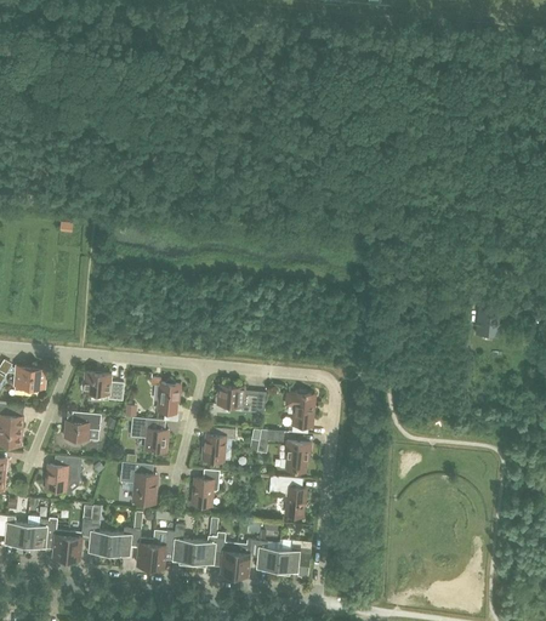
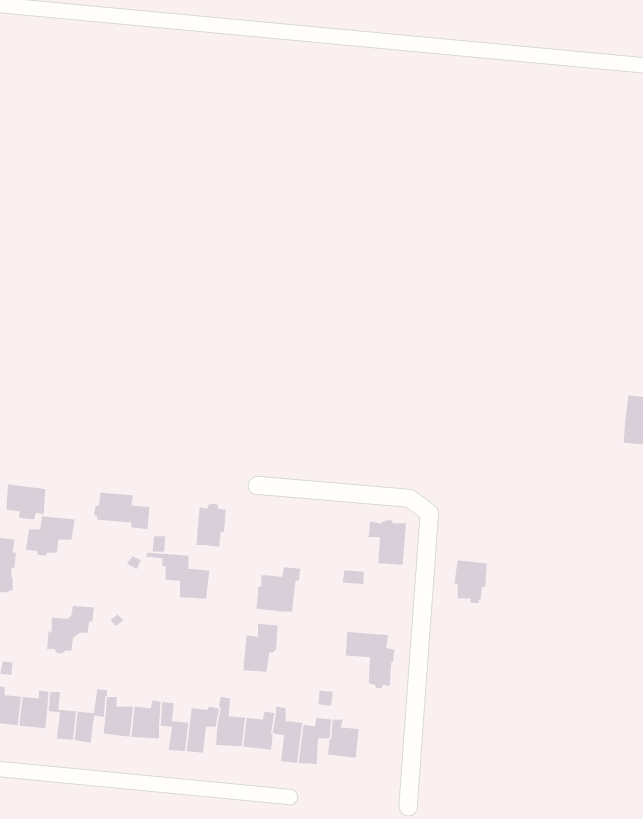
building: [215,386,257,414] -> none
building: [63,412,101,443] -> [25,516,75,556]
building: [284,441,309,474] -> [454,560,488,604]
building: [119,462,157,505] -> none
building: [277,545,309,574] -> none

